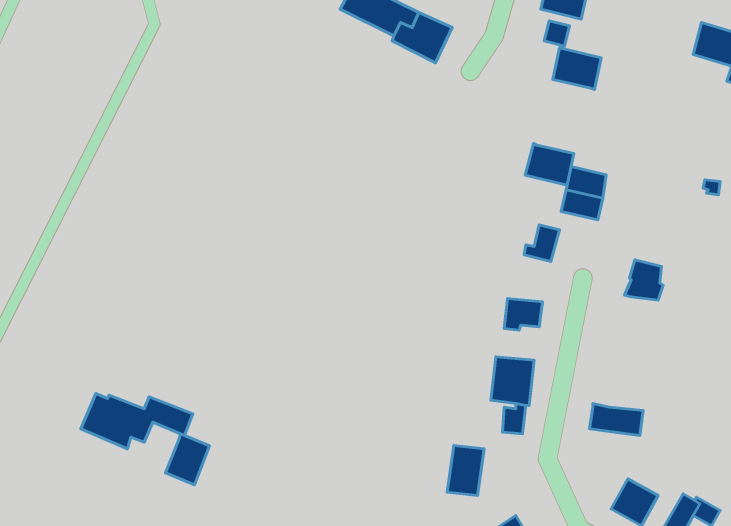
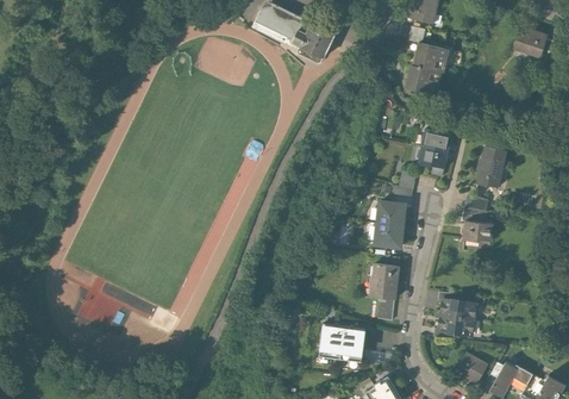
building: [525,143,574,185] -> [404,66,438,95]
building: none -> [476,145,508,187]
building: none -> [380,200,407,225]
building: none -> [465,222,495,244]
building: none -> [436,316,474,337]
building: [166,434,210,485] -> none
building: none -> [317,325,342,361]

